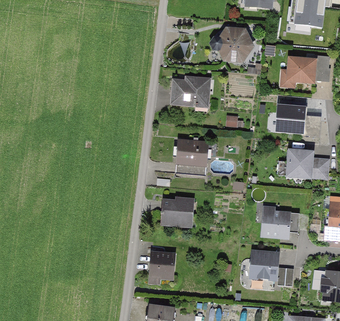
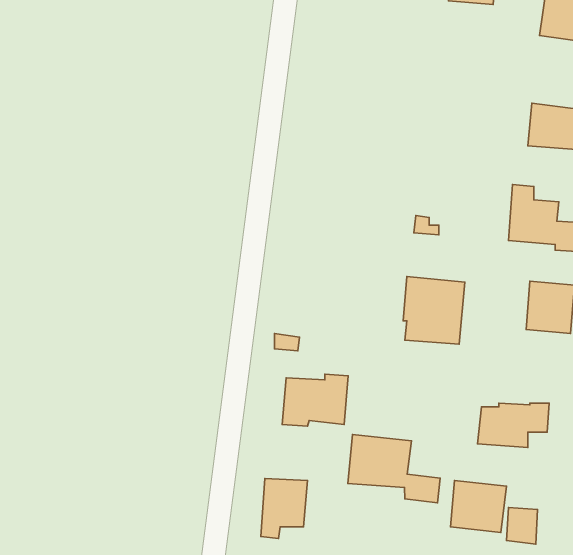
building: [211,29,251,61] -> none
building: [170,77,210,106] -> none
building: [176,140,208,175] -> [403,276,465,344]
building: none -> [348,434,440,503]

